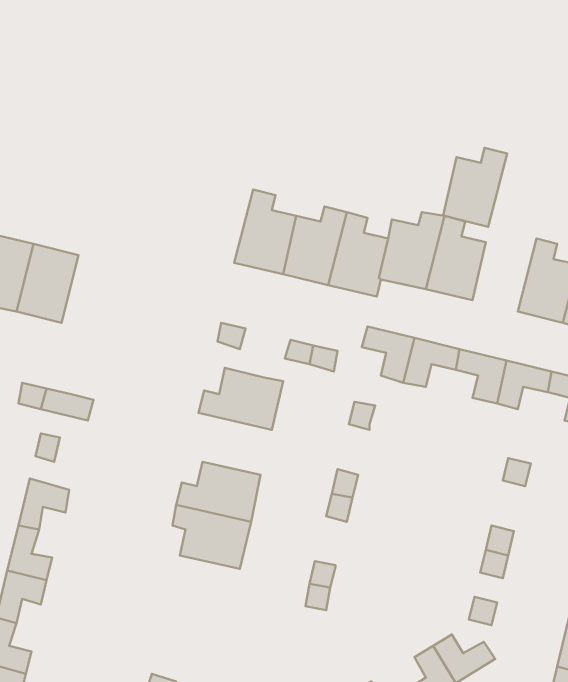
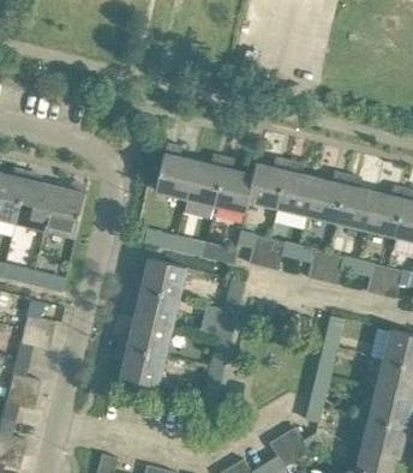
building: [443,148,507,227] -> [307,172,348,222]
building: none -> [44,186,85,238]
building: none -> [128,287,179,327]

